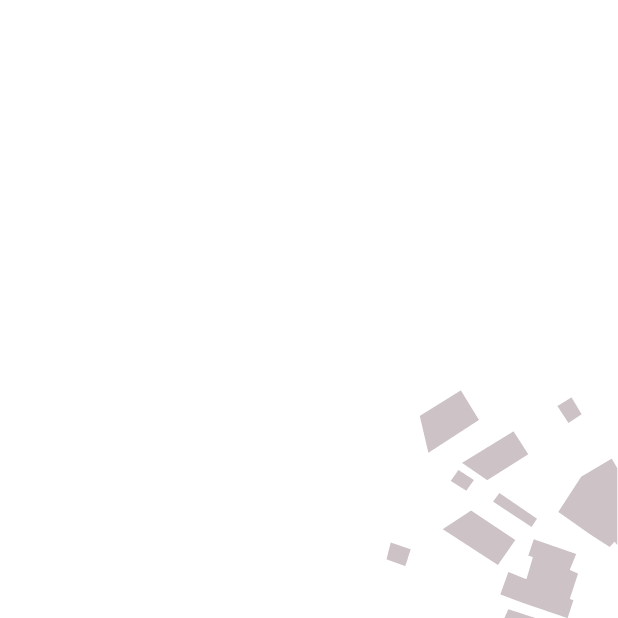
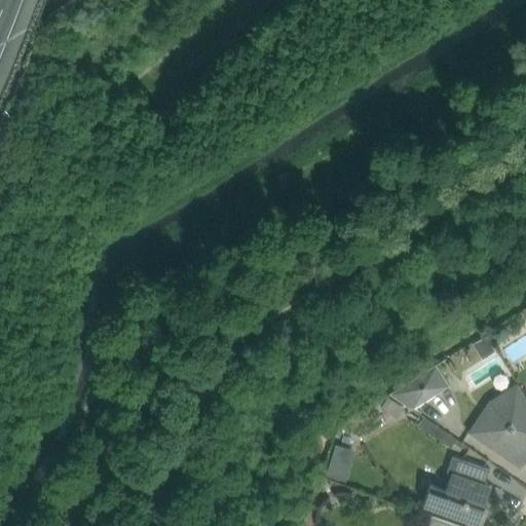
building: [419,389,480,454] -> none
building: [441,509,517,566] -> none

